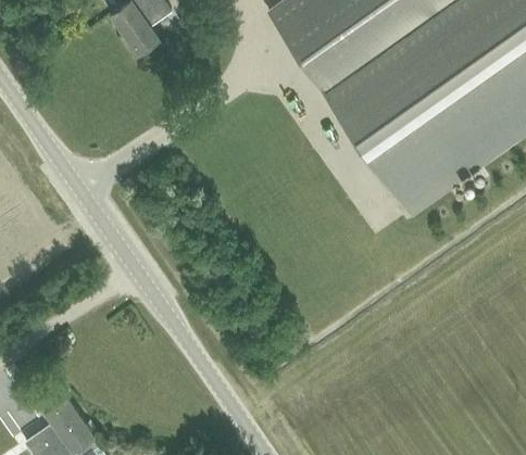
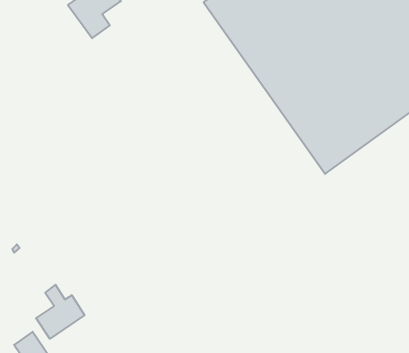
building: none -> [36,285,84,339]

